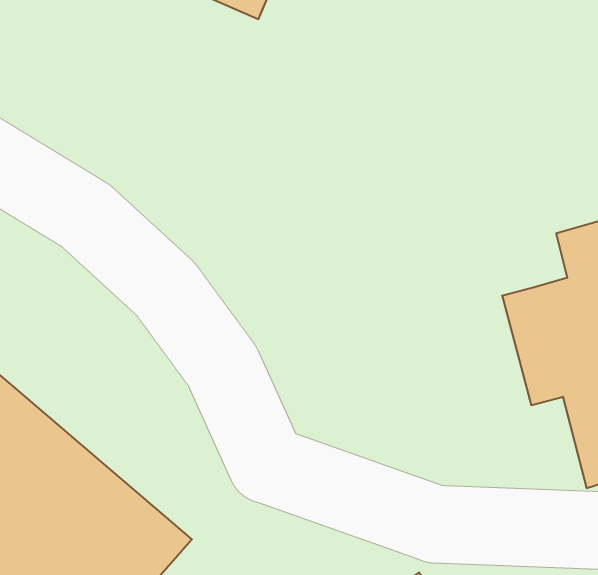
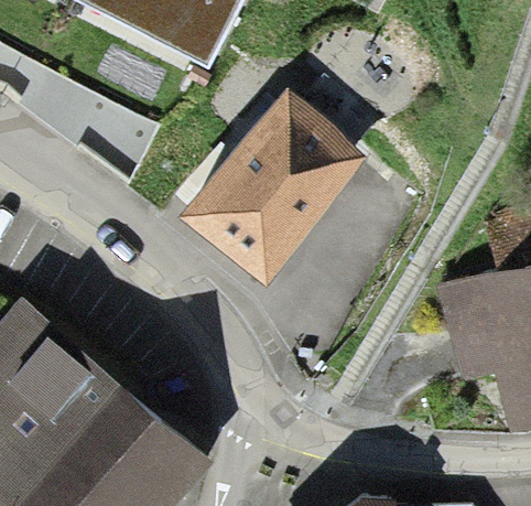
building: none -> [188,83,355,274]

